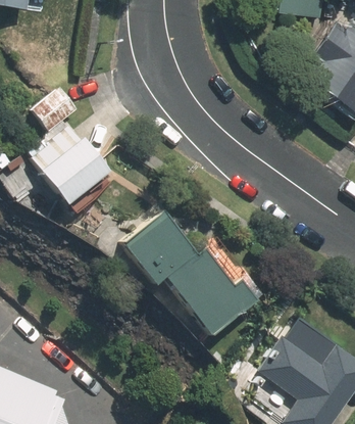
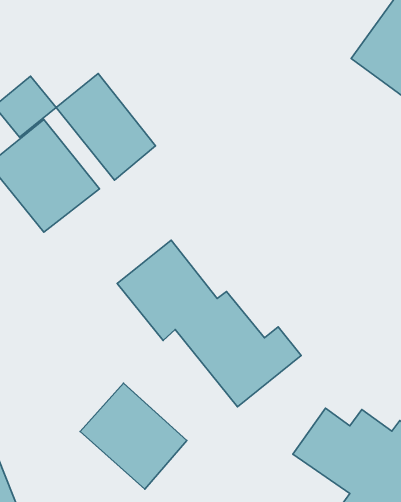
building: none -> [56,73,156,180]
building: none -> [80,383,187,489]

